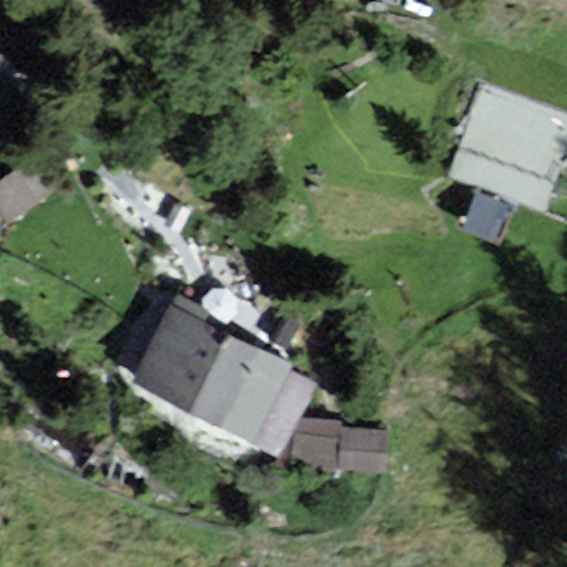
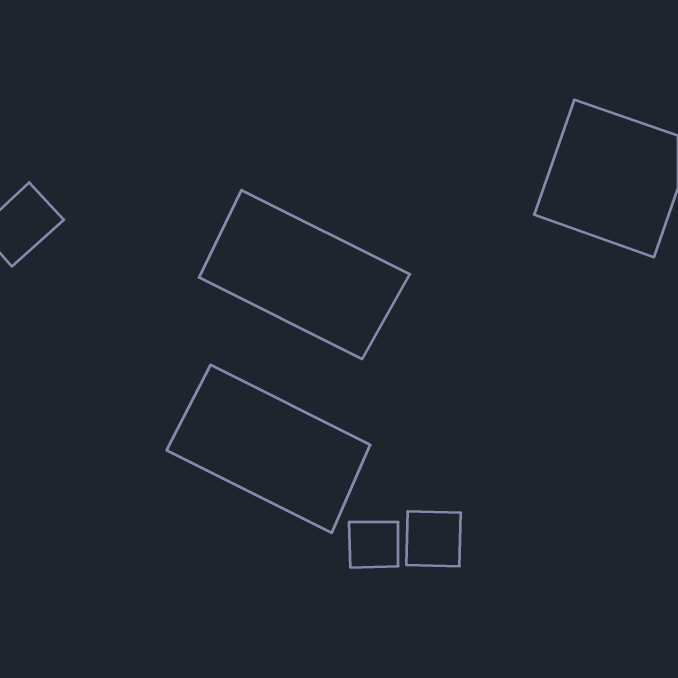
building: none -> [199,190,410,359]

